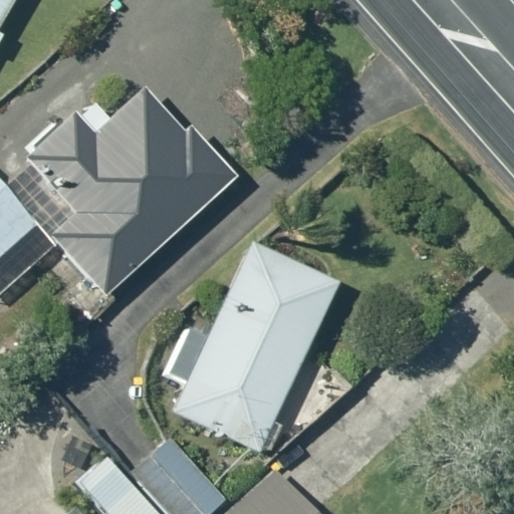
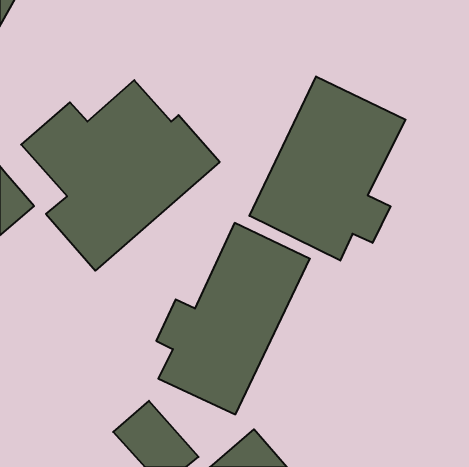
building: none -> [249,76,406,261]

